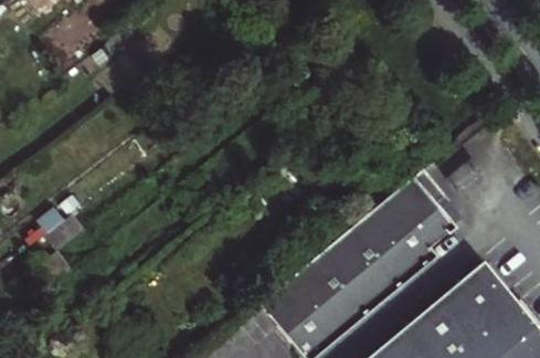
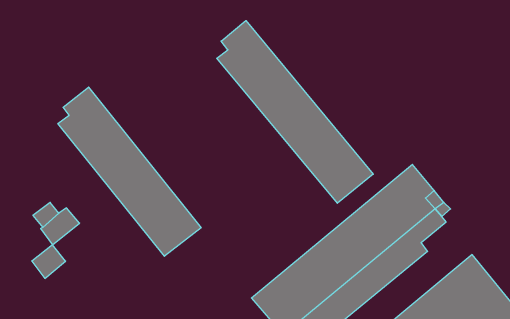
building: none -> [217,21,373,203]
building: none -> [58,87,201,256]

